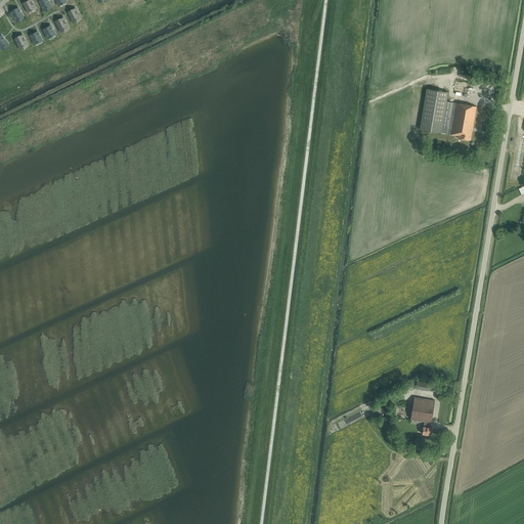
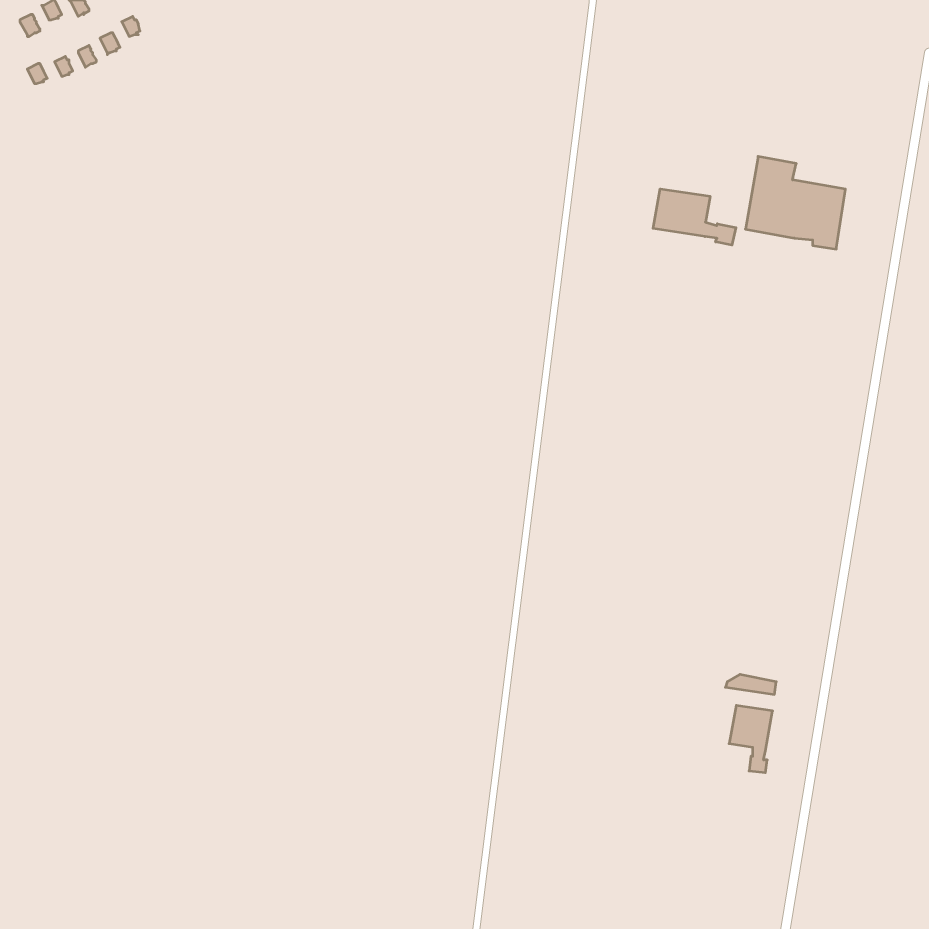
building: none -> [653,189,736,245]

